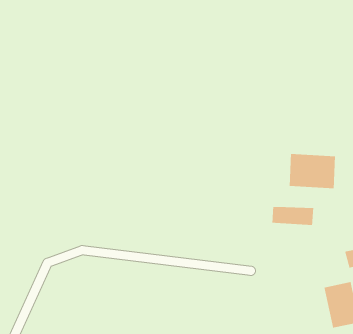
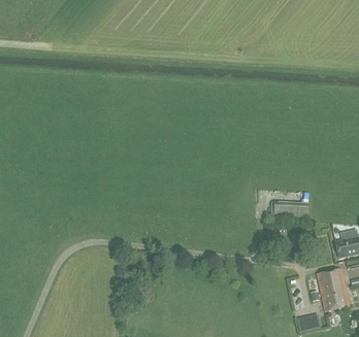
building: [289,153,336,189] -> none

